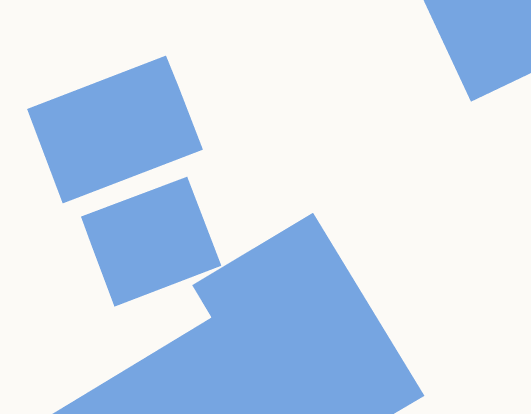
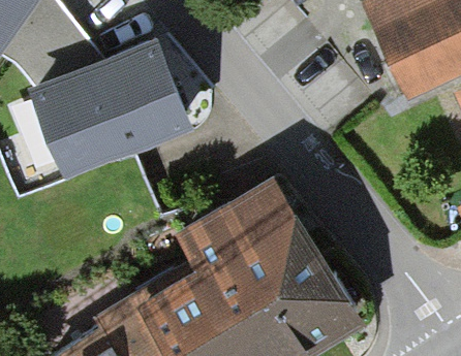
building: [80,176,222,307] -> none

